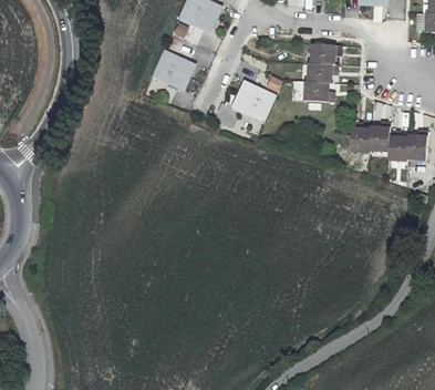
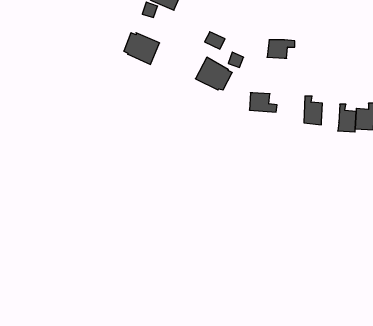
building: [305,43,336,62] -> none
building: [307,81,336,102] -> [249,93,277,112]
building: [369,120,389,152] -> none

